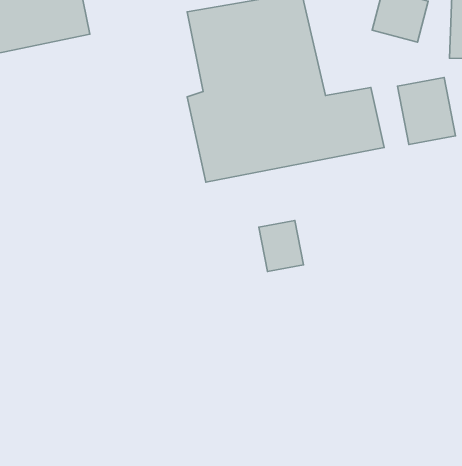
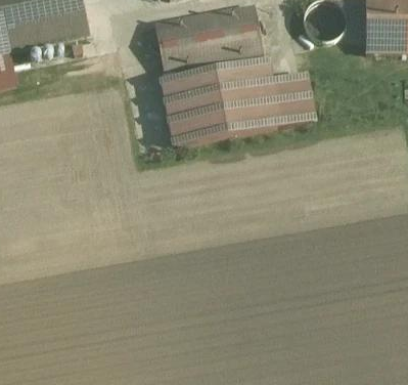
building: [398,77,455,145] -> none
building: [259,220,304,272] -> none

